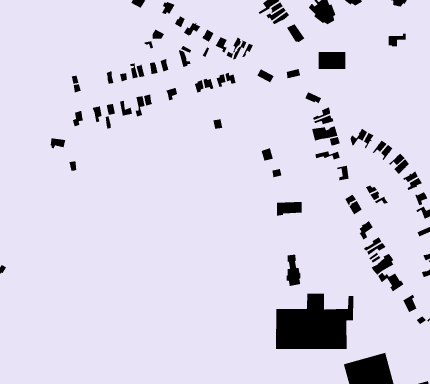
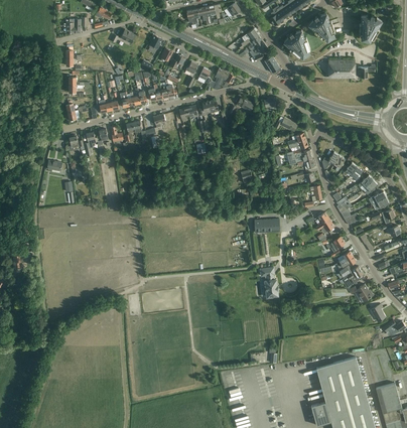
building: [318,51,346,70] -> [328,60,355,78]
building: [275,293,354,350] -> none

